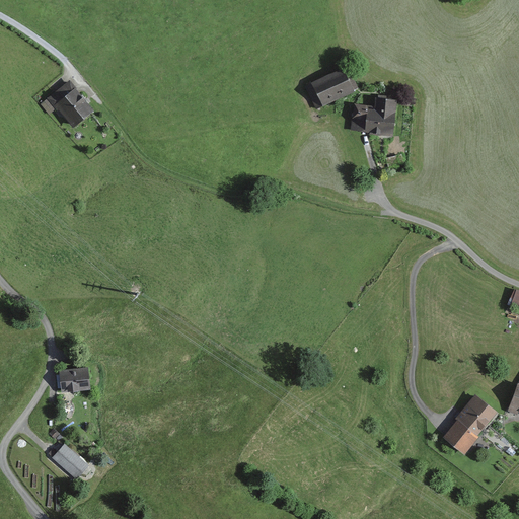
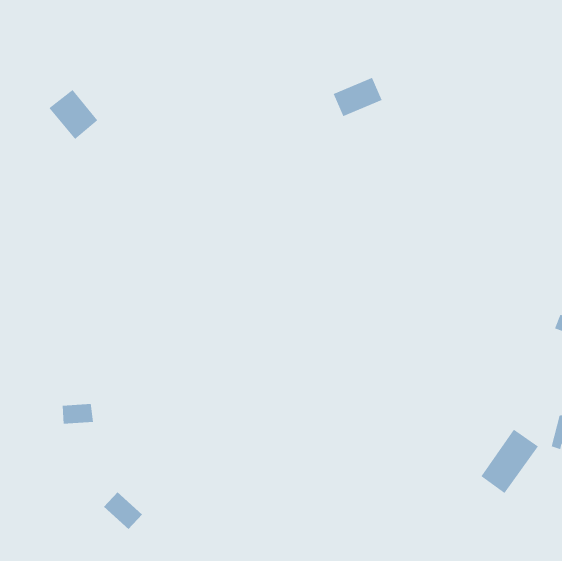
building: [354,97,398,133] -> none
building: [54,442,90,477] -> [103,491,143,530]

